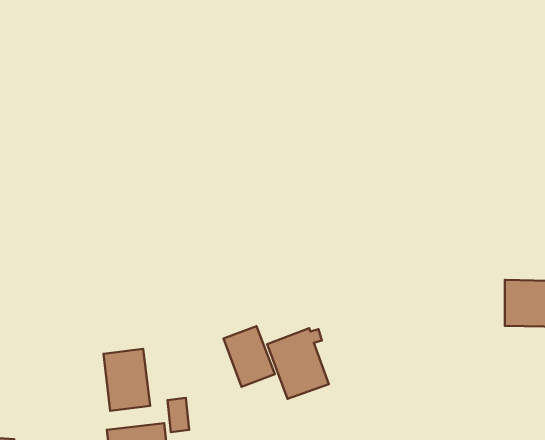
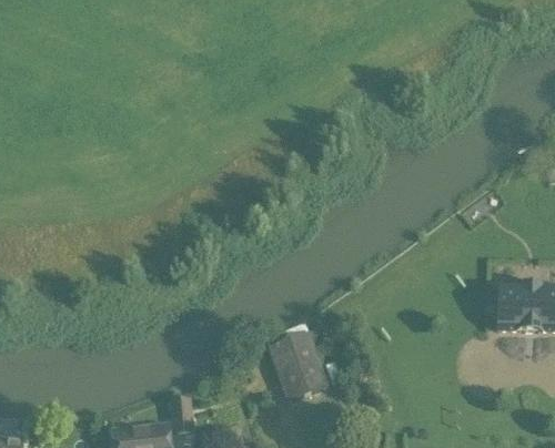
building: [224,326,275,387] -> none
building: [103,349,150,411] -> none

